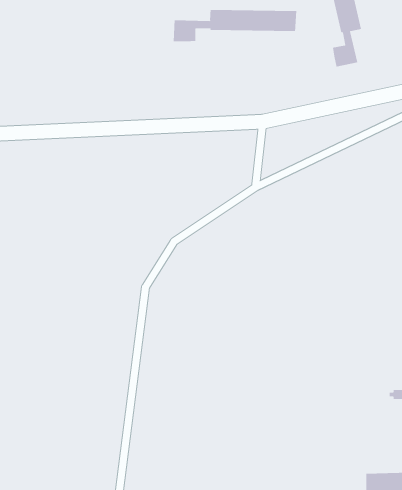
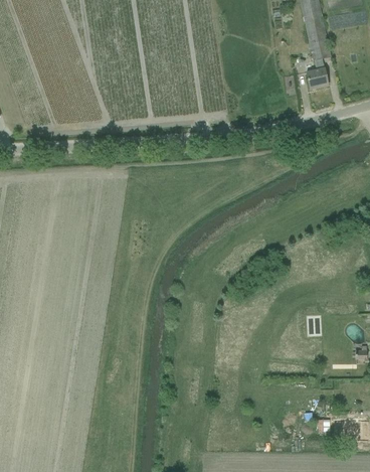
building: [173,9,297,42] -> none

